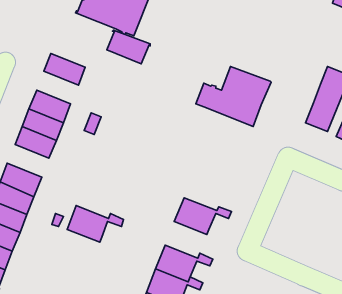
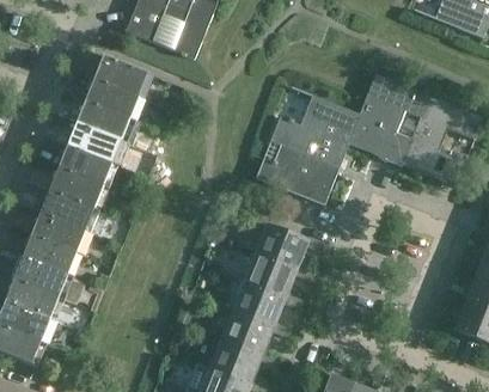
building: [107,30,150,64] -> [94,55,147,96]
building: none -> [349,73,429,165]
building: none -> [78,100,128,140]
building: none -> [255,143,340,204]
building: none -> [42,189,92,228]
building: none -> [256,223,325,269]
building: [67,206,123,242] -> [233,282,301,326]

